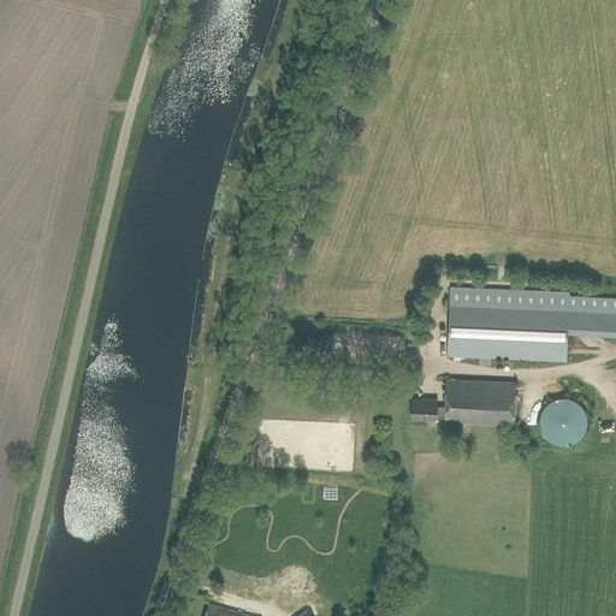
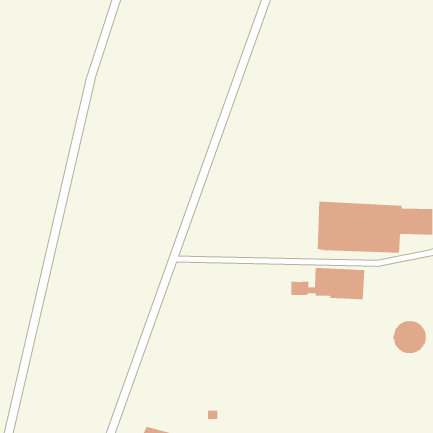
building: [538,398,586,445] -> [393,321,427,354]

